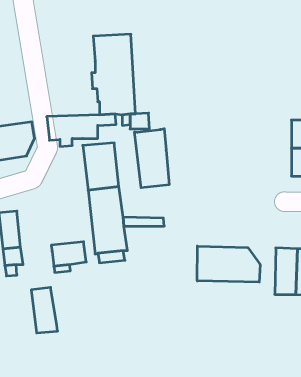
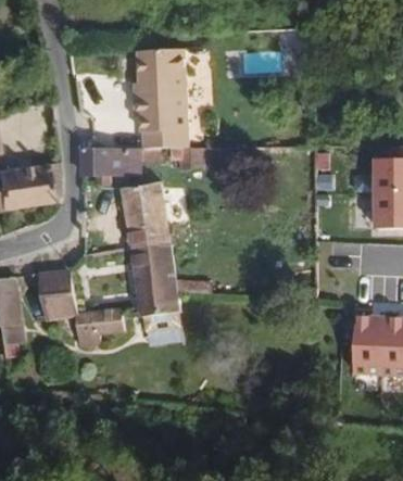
building: [135,129,169,188] -> none
building: [197,246,260,282] -> none
building: [31,287,58,333] -> [50,266,83,322]

